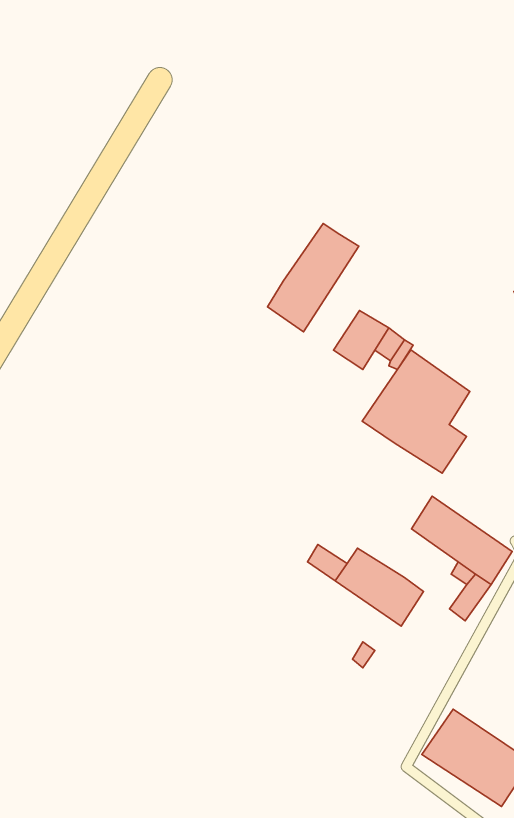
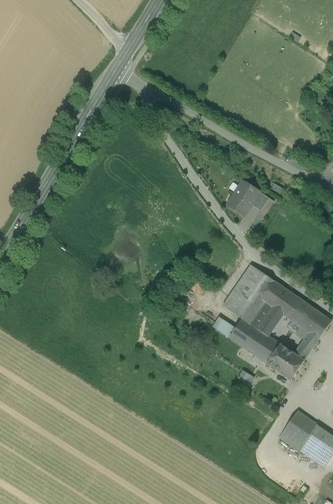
building: [267,223,359,332] -> none
building: [362,350,470,473] -> [223,264,285,335]
building: none -> [267,343,304,379]

